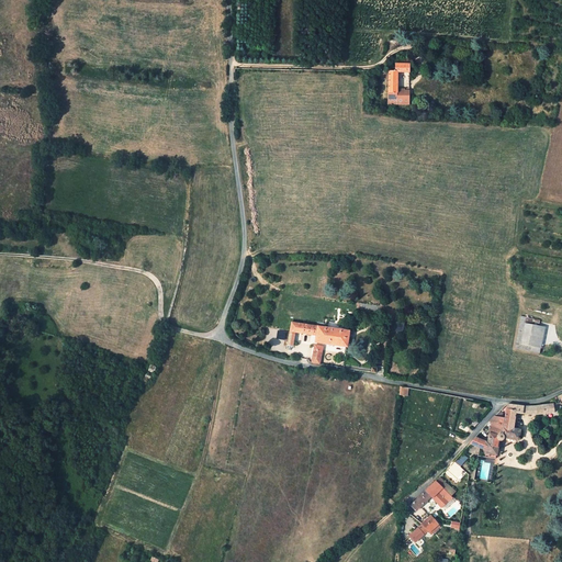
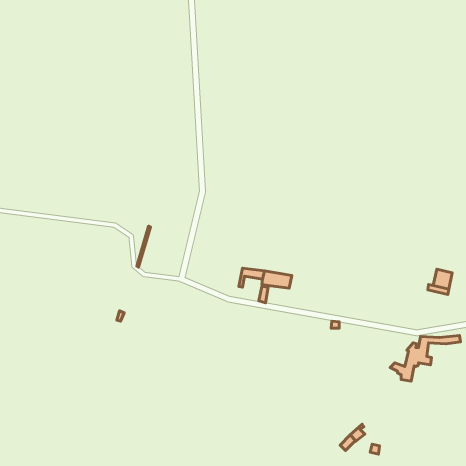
building: [389,64,409,104] -> none
building: [411,476,456,510] -> none

